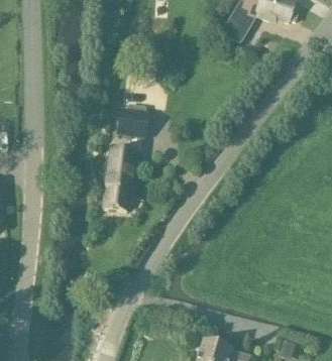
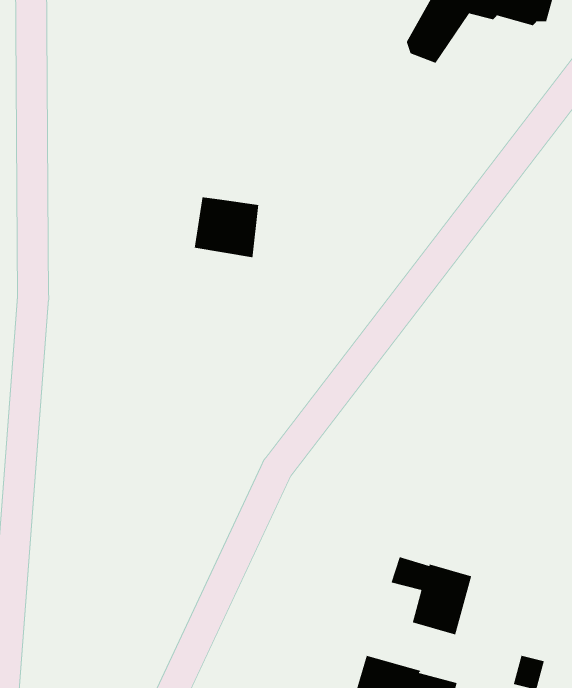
building: [102,149,131,210] -> none
building: none -> [390,556,472,635]

